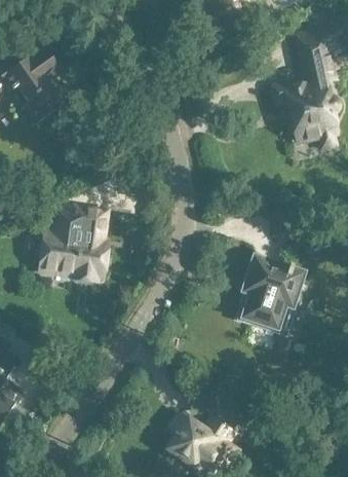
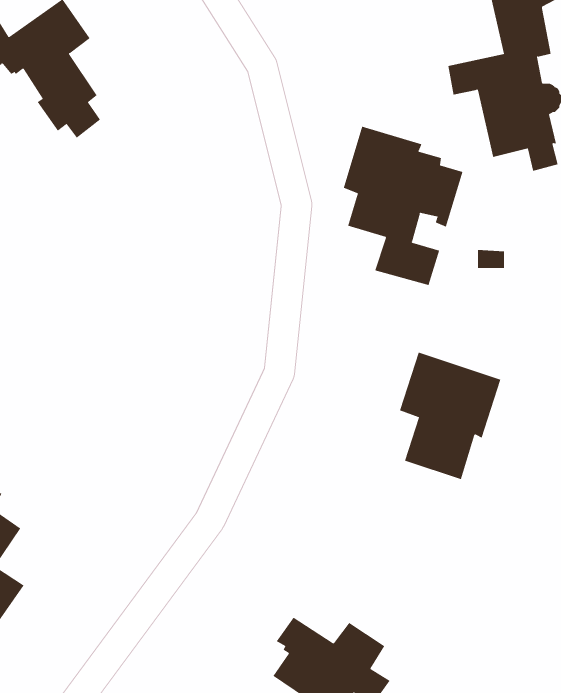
building: none -> [343,126,463,286]
building: [39,208,106,282] -> none

